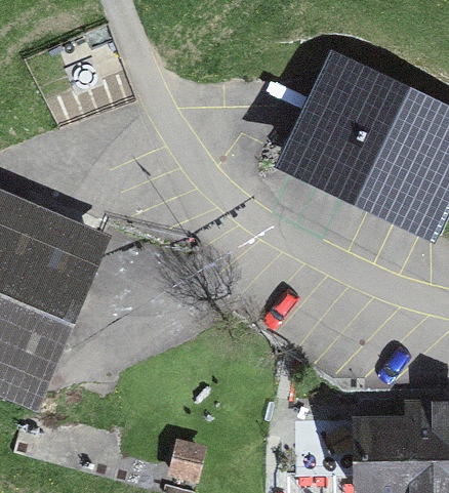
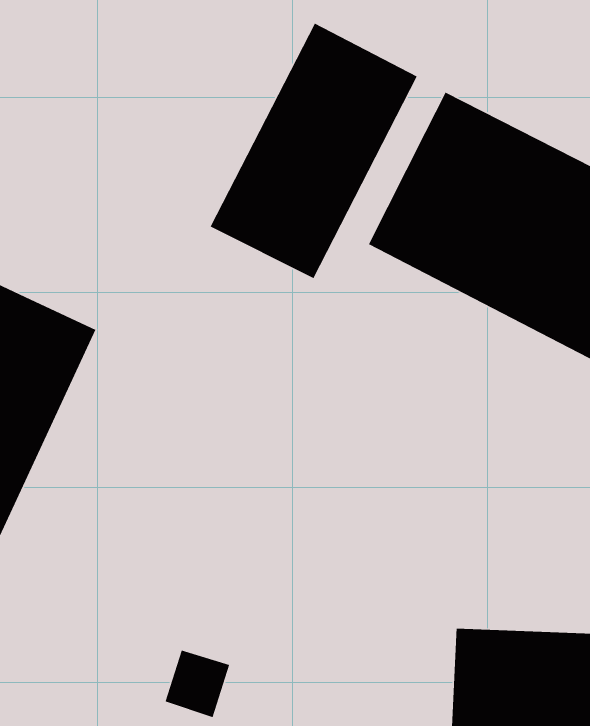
building: none -> [210,22,418,279]

